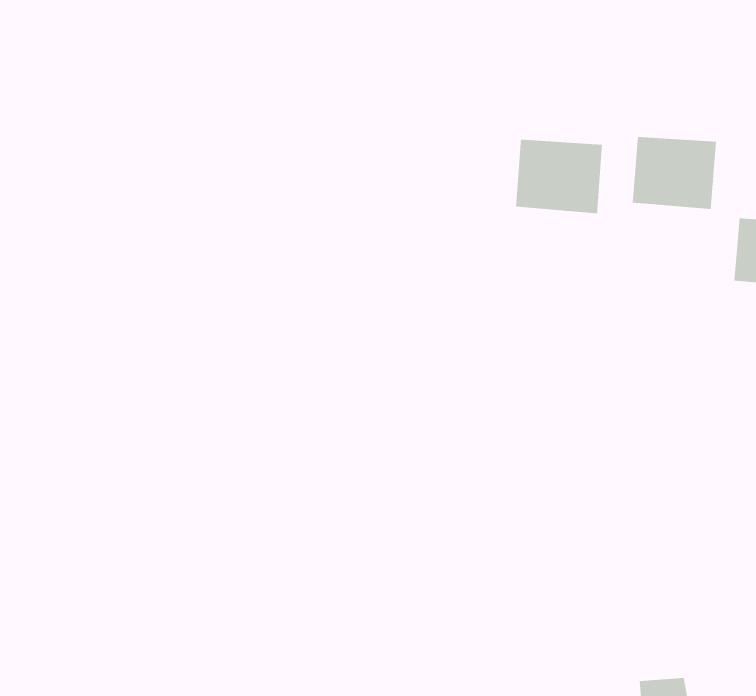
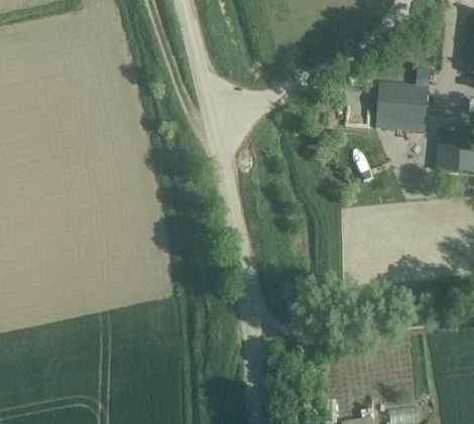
building: [516,139,603,214] -> none

